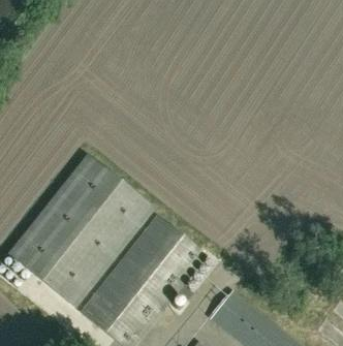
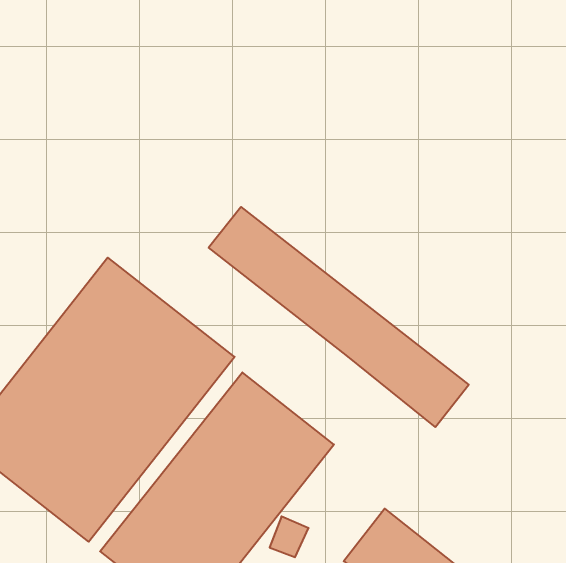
building: none -> [209,207,469,427]

